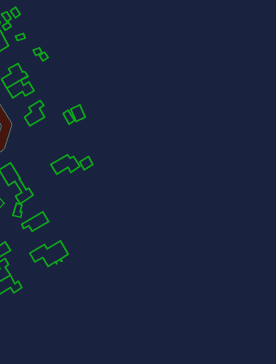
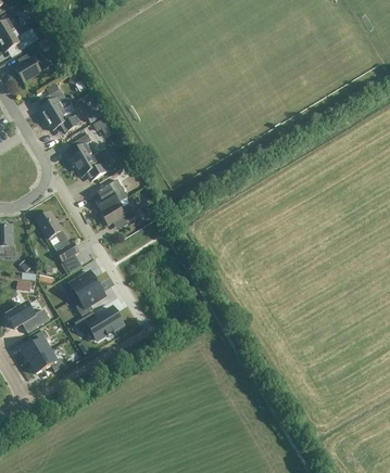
building: none -> [73,151,105,177]
building: none -> [95,179,126,212]
building: none -> [74,283,103,316]

